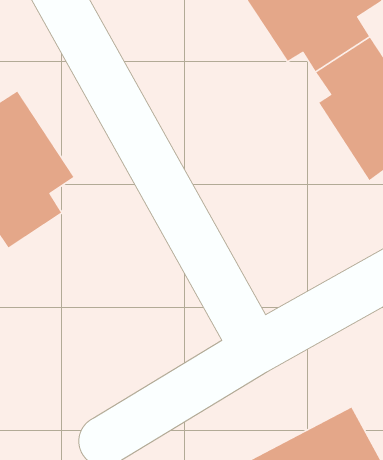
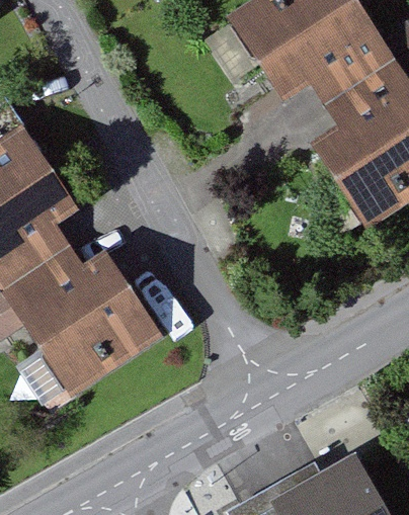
building: none -> [16,256,160,399]

